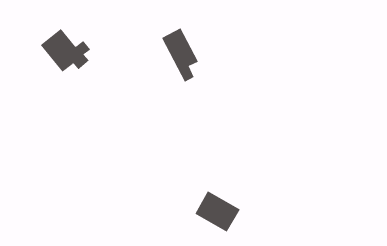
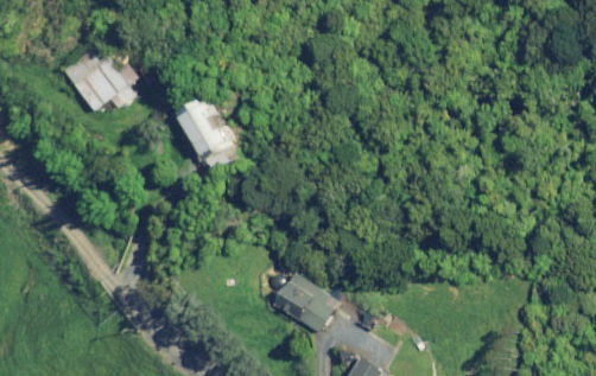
building: [161,28,199,82] -> [175,97,227,173]

